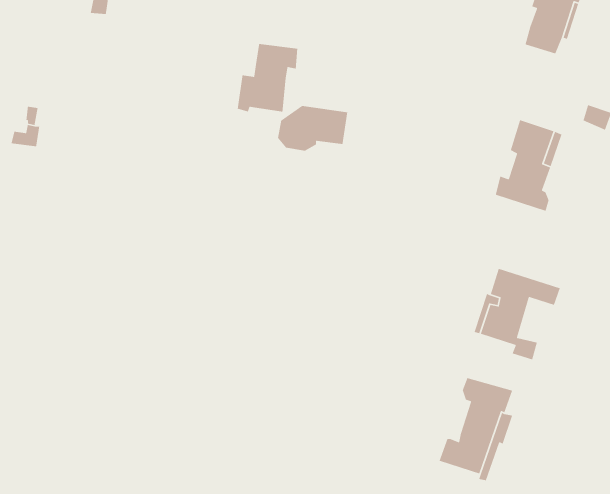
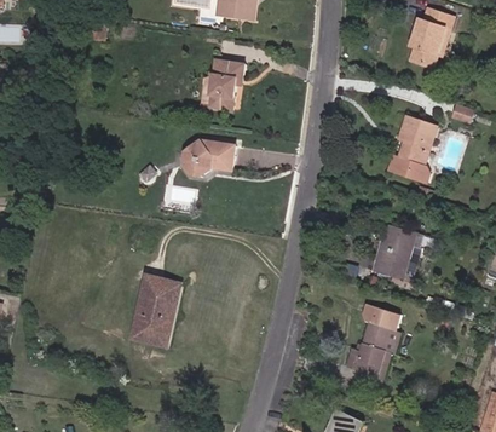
building: [277,105,348,151] -> [181,140,233,174]
building: none -> [132,277,179,345]

